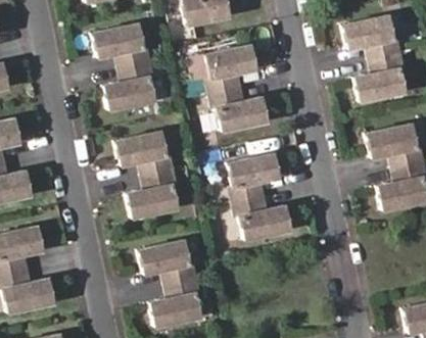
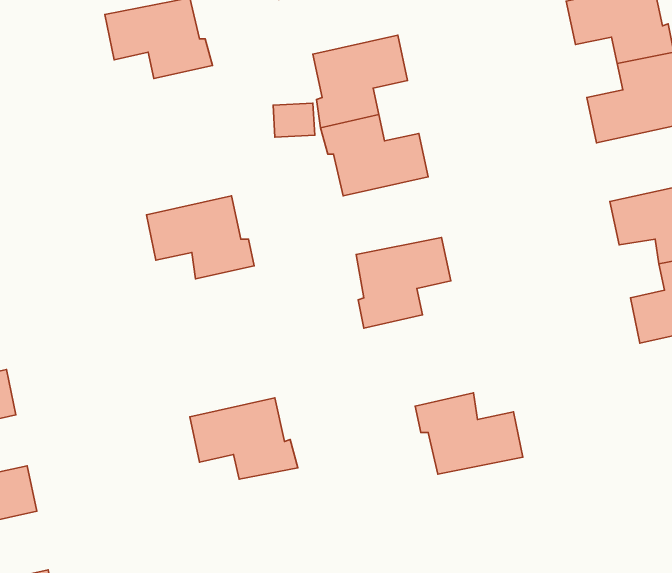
building: [103,61,154,110] -> none
building: [126,170,177,219] -> none
building: [232,196,290,240] -> [415,393,523,474]
building: [149,279,200,328] -> none

